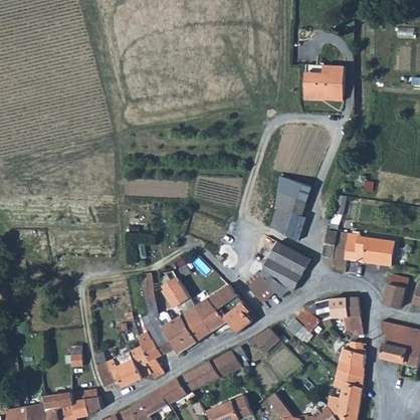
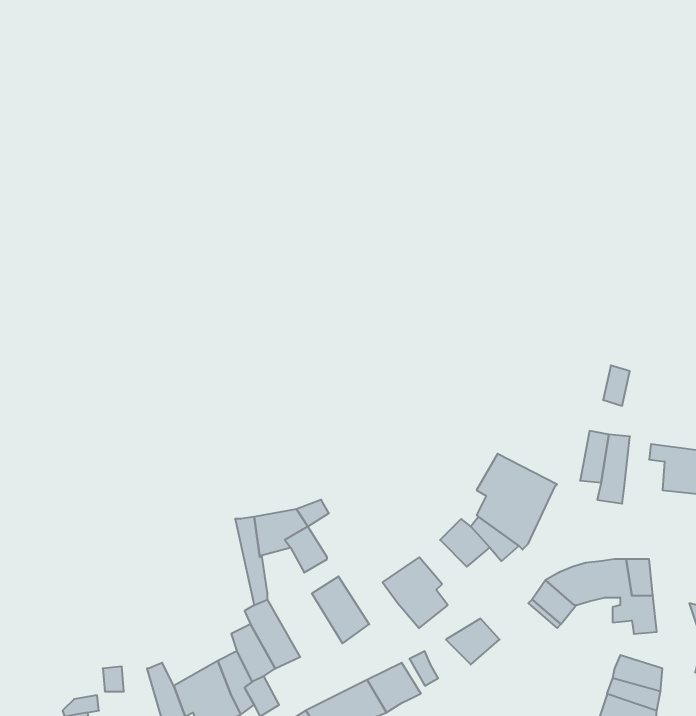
building: [301,61,342,95] -> none
building: [269,175,309,240] -> none
building: [345,233,366,261] -> none
building: [195,285,237,332] -> none
building: [163,316,197,355] -> none

